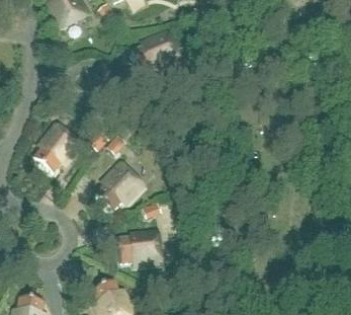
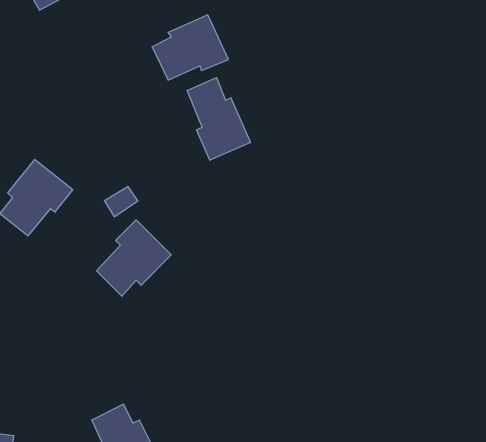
building: none -> [187,78,251,160]
building: [117,228,161,262] -> none

